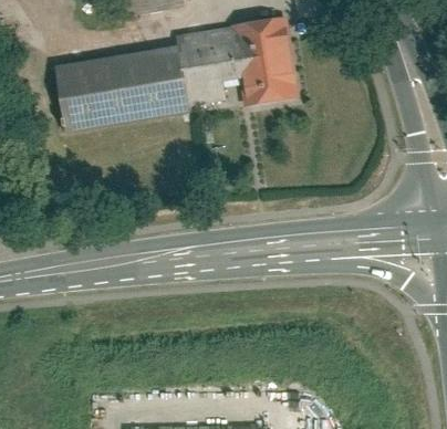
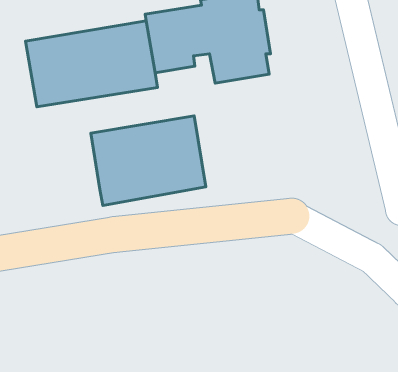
building: none -> [91,116,206,206]

